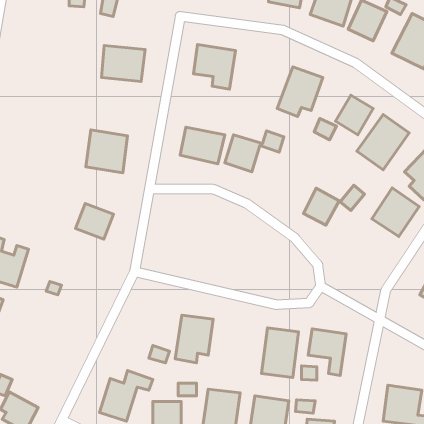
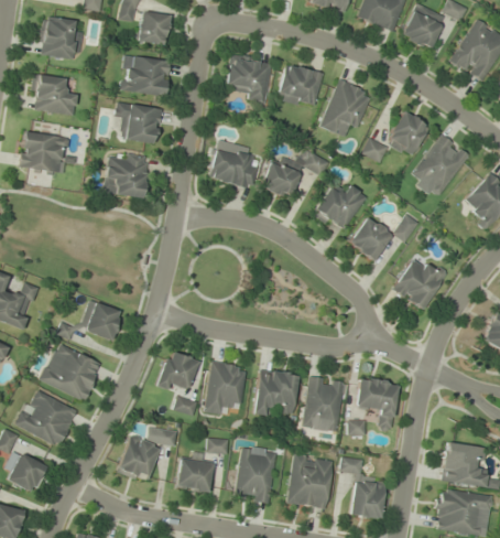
building: none -> [138,11,171,46]
building: none -> [40,15,84,61]
building: none -> [276,63,325,109]
building: none -> [31,73,77,116]
building: none -> [115,101,162,144]
building: none -> [20,131,69,174]
building: none -> [313,184,367,233]
building: [372,188,419,236] -> [392,255,446,310]
building: [76,203,113,239] -> [80,300,123,341]
building: none -> [40,342,105,402]
building: none -> [159,351,198,394]
building: none -> [254,368,298,418]
building: none -> [17,388,79,448]

